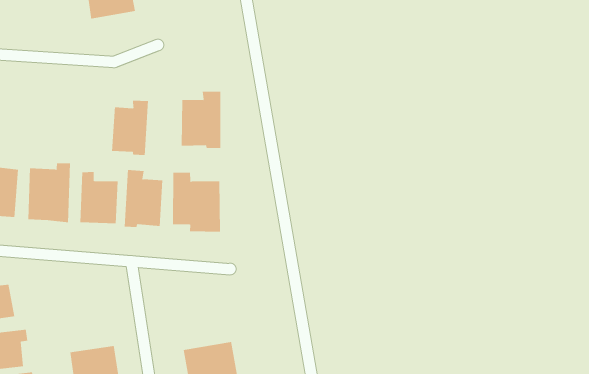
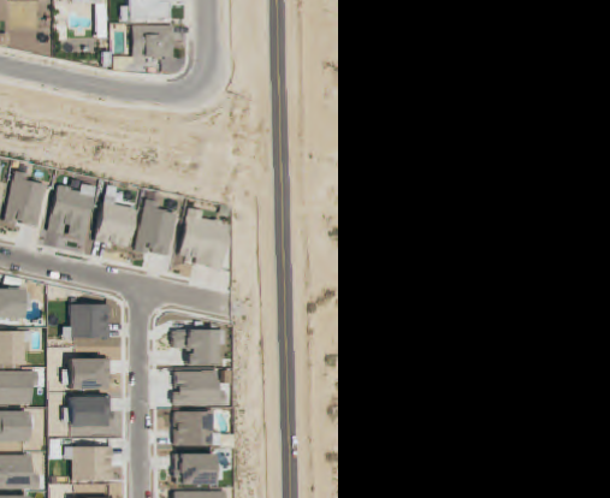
building: [181,91,221,149] -> none
building: [111,100,149,156] -> none
building: none -> [63,304,109,339]
building: none -> [171,330,220,366]

